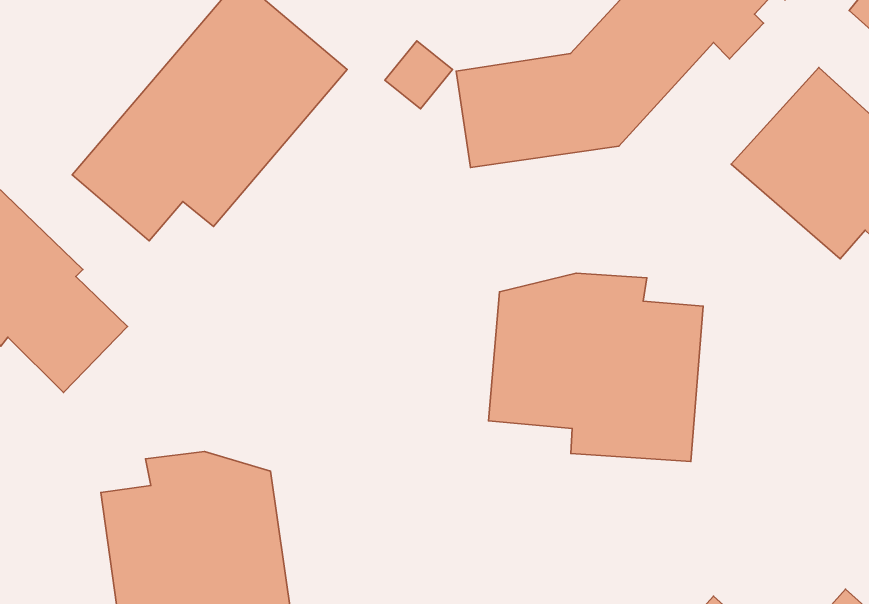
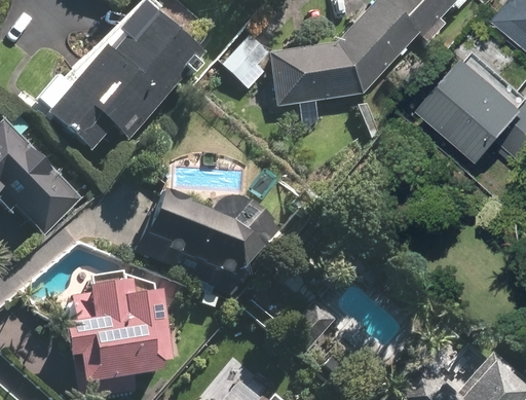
building: [488,273,703,462] -> none
building: none -> [134,188,283,274]

